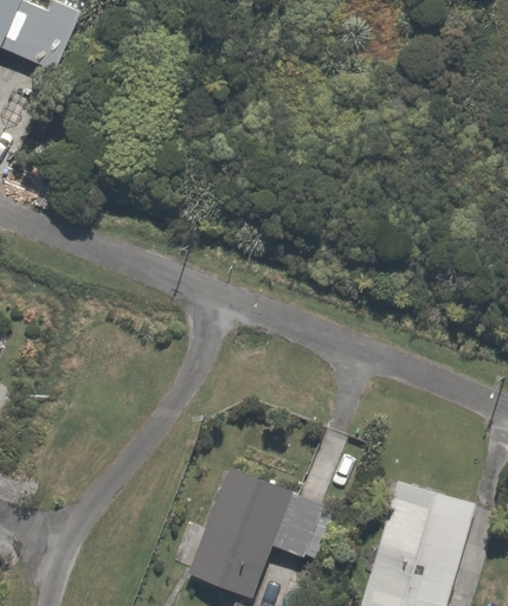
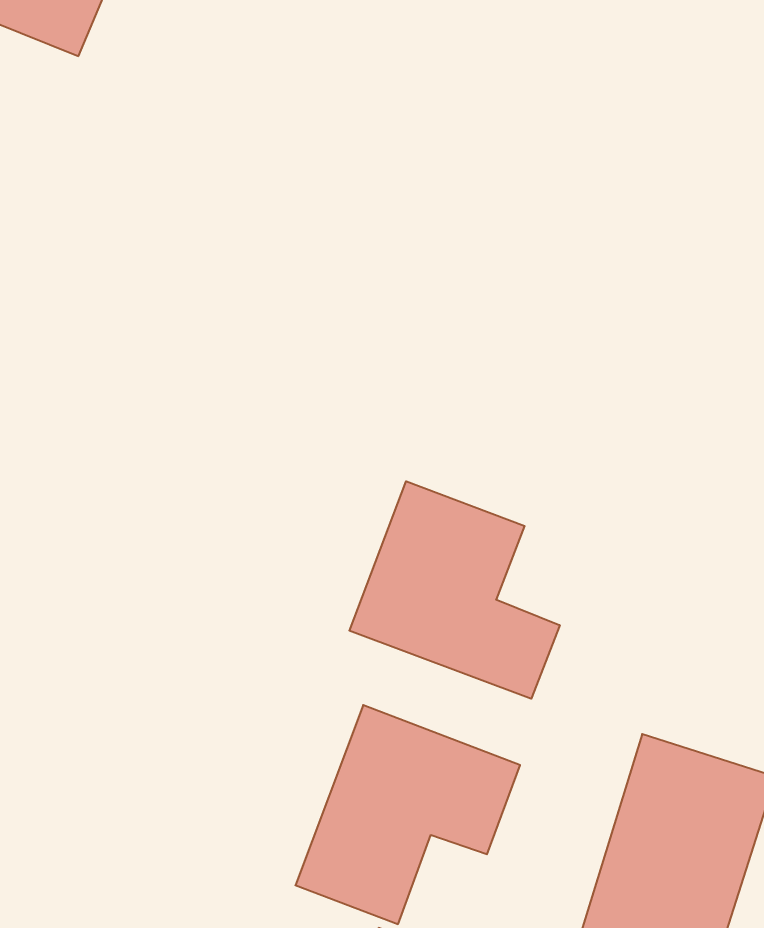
building: none -> [349,481,560,699]

